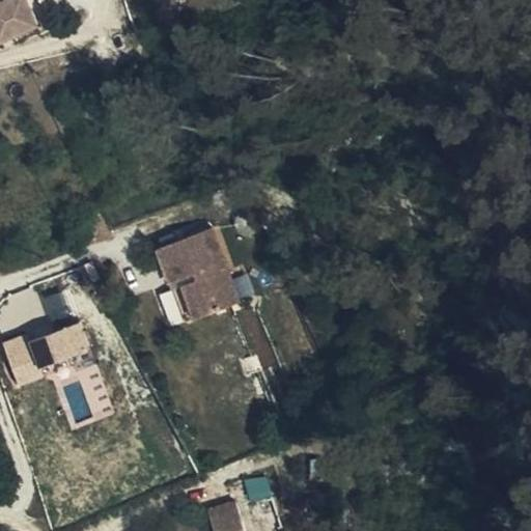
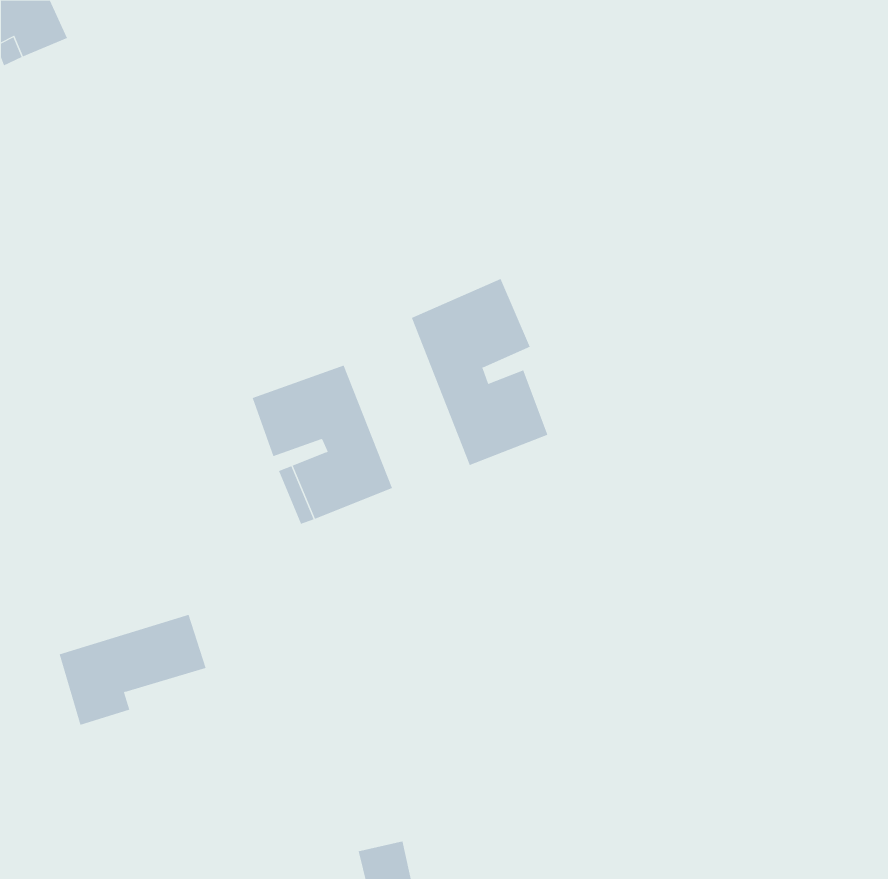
building: none -> [411,278,548,466]
building: [8,320,96,387] -> [59,614,207,725]

